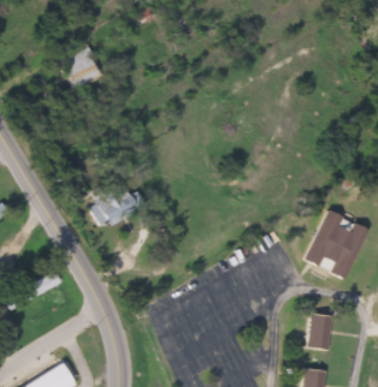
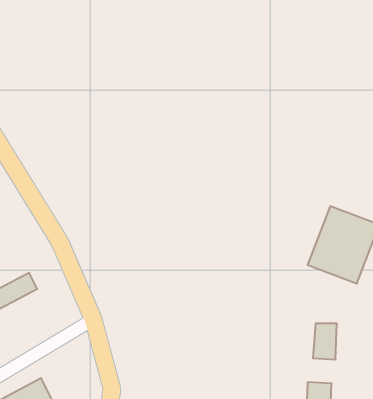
building: [61,48,101,88] -> none
building: [91,183,138,227] -> none

